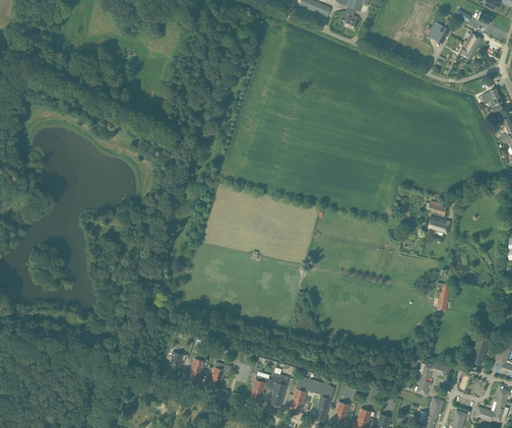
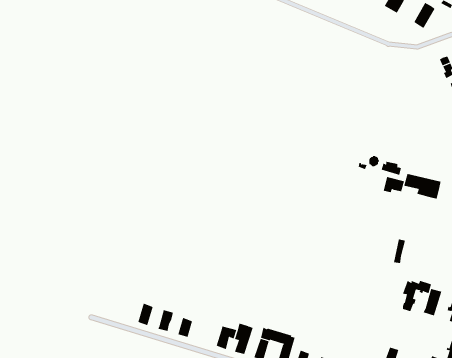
building: none -> [403,173,441,200]
building: [417,362,448,395] -> [402,280,432,312]

